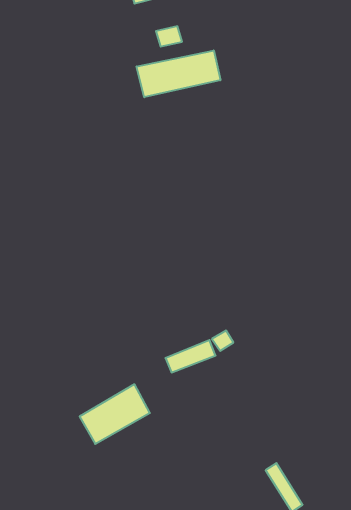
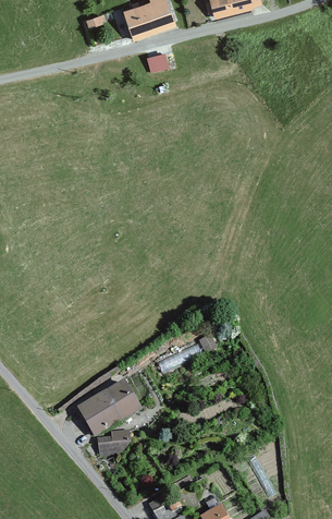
building: [137,50,220,97] -> none
building: none -> [99,432,130,455]

